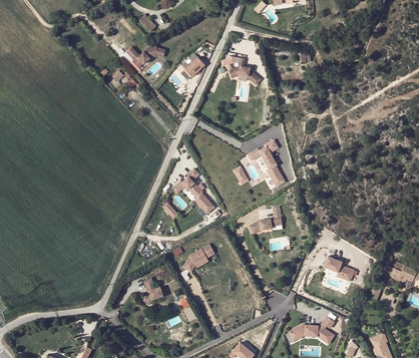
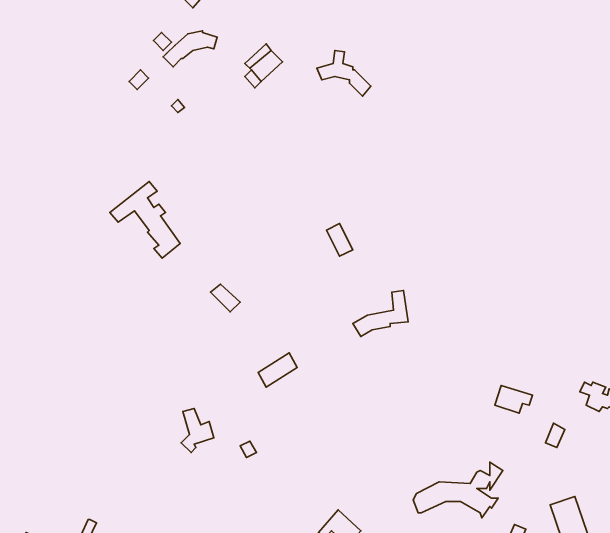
building: [247,139,286,187] -> none
building: [171,168,215,216] -> [110,181,180,258]

